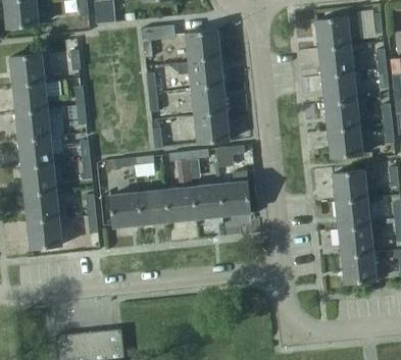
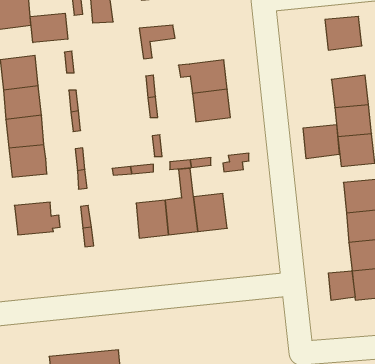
building: none -> [30,13,68,43]
building: [185,30,220,62] -> none
building: [318,45,353,76] -> none
building: [194,112,230,145] -> none
building: none -> [303,124,339,159]
building: [21,165,57,195] -> none
building: [219,173,251,216] -> none
building: [109,193,141,228] -> none
building: [27,219,62,250] -> none
building: none -> [329,271,355,300]

